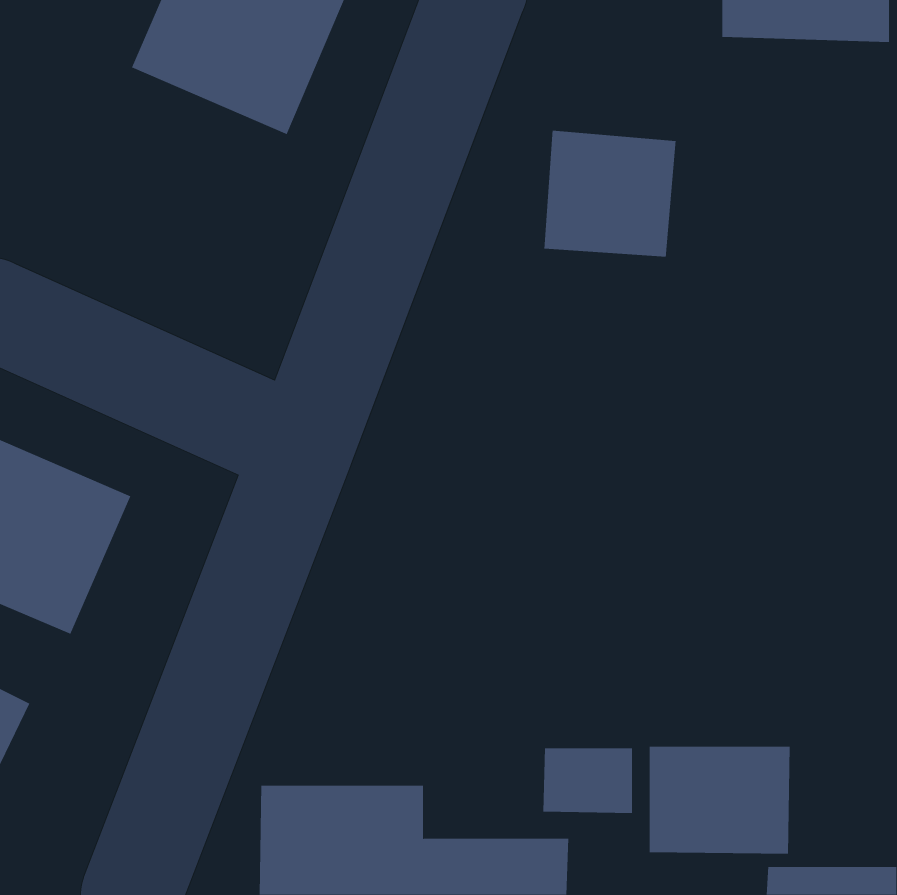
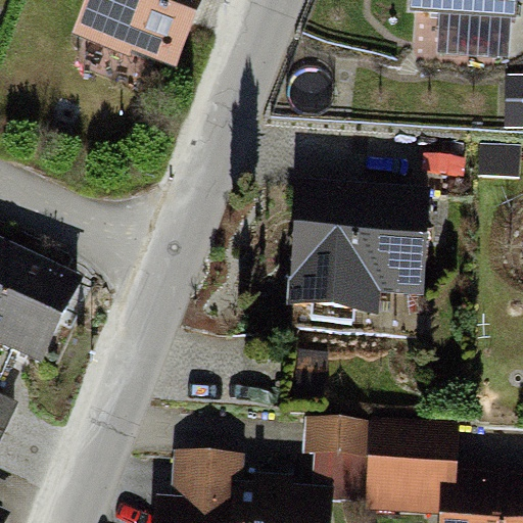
building: [544,130,676,258] -> none
building: none -> [287,196,427,316]

